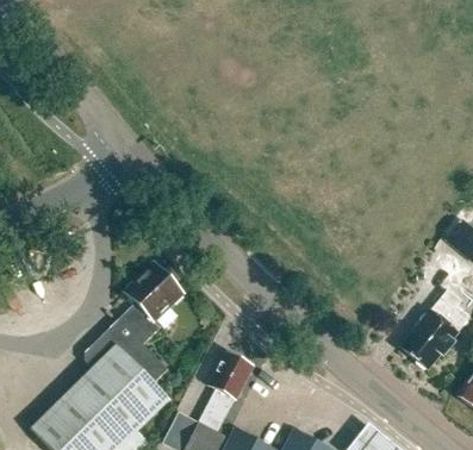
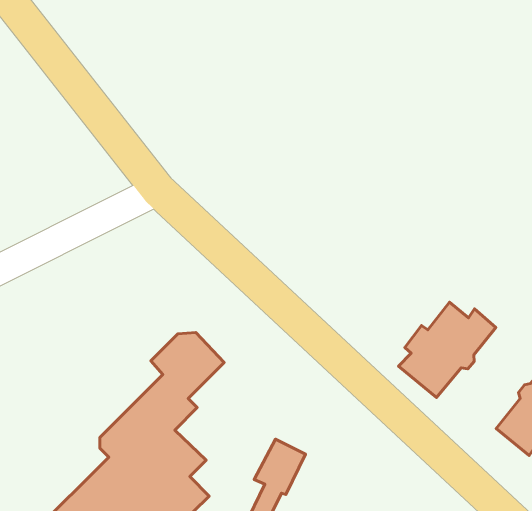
building: none -> [398,302,496,397]

